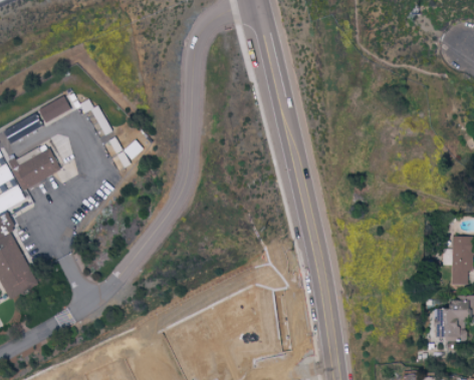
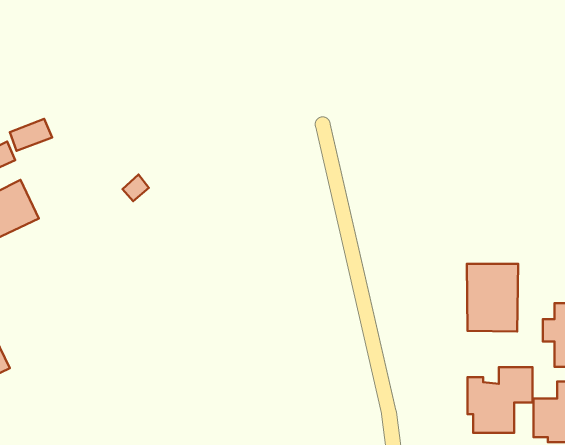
building: none -> [467,264,518,332]
building: none -> [468,367,533,433]

